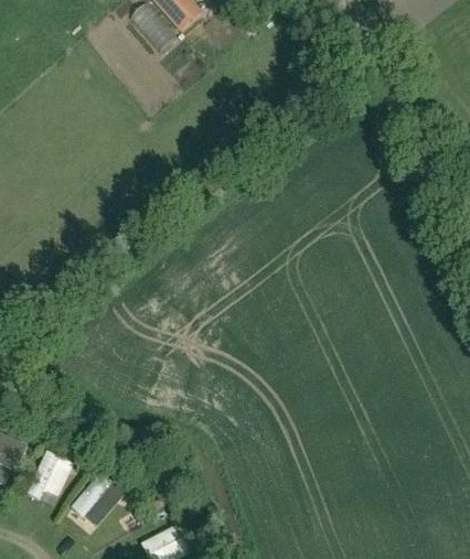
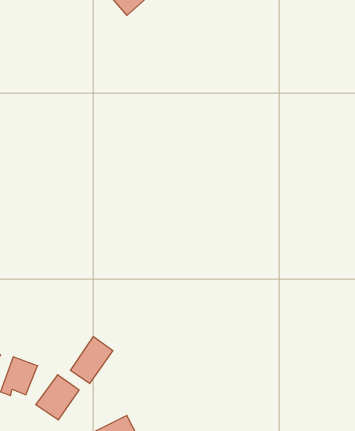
building: none -> [71,337,113,384]

